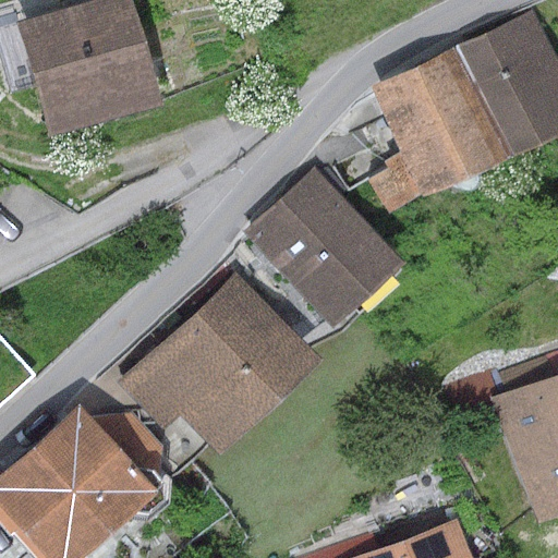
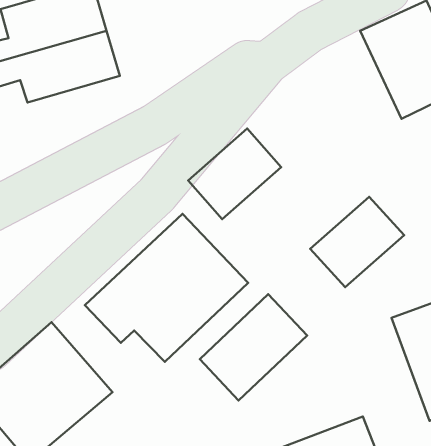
building: [372,49,506,211] -> none
building: [288,215,402,325] -> [310,197,404,287]
building: none -> [200,294,307,400]

